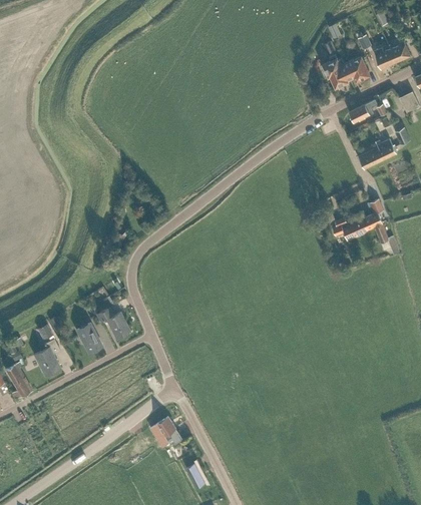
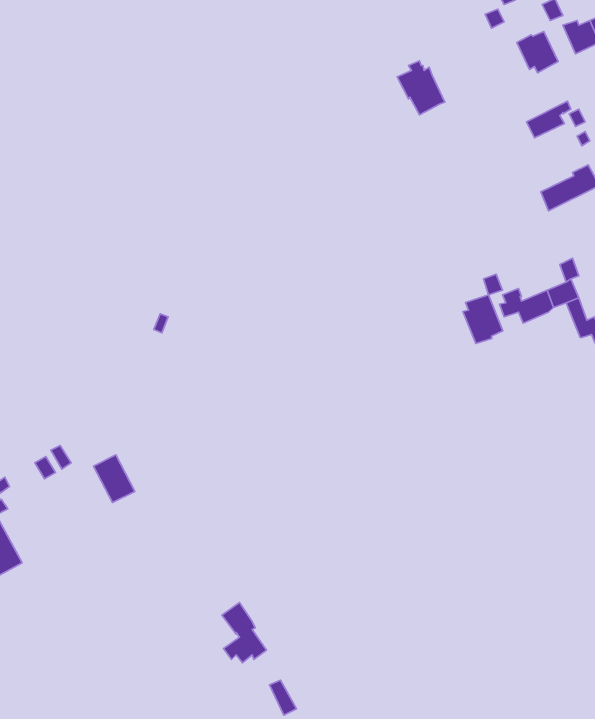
building: [322,54,352,88] -> [397,61,445,115]
building: none -> [463,295,503,344]
building: [93,308,130,340] -> none
building: [34,340,60,377] -> none

